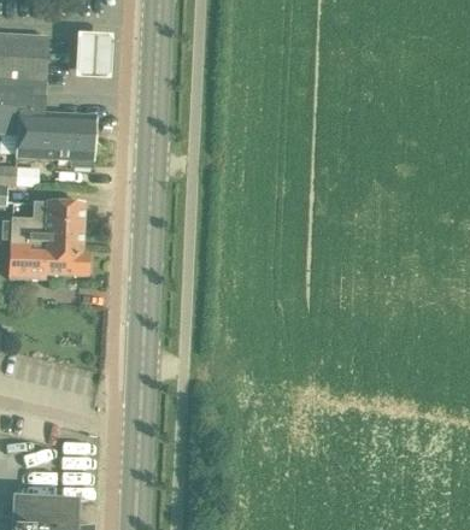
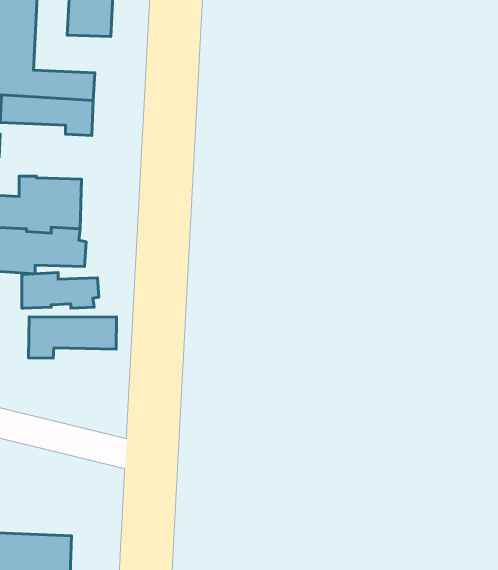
building: none -> [22,272,99,308]
building: none -> [28,317,116,358]

